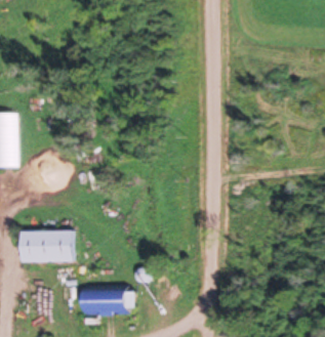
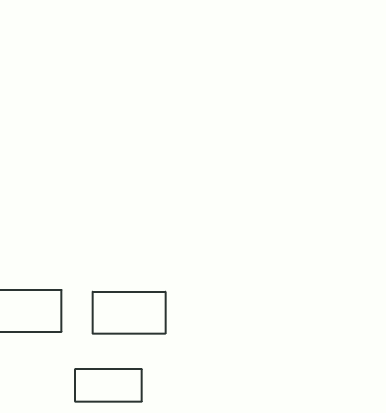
building: none -> [93,292,165,334]

